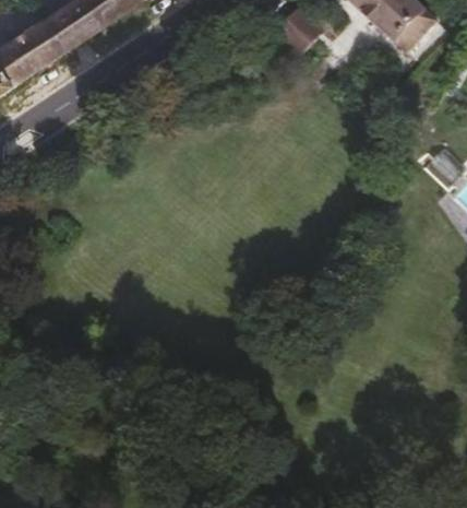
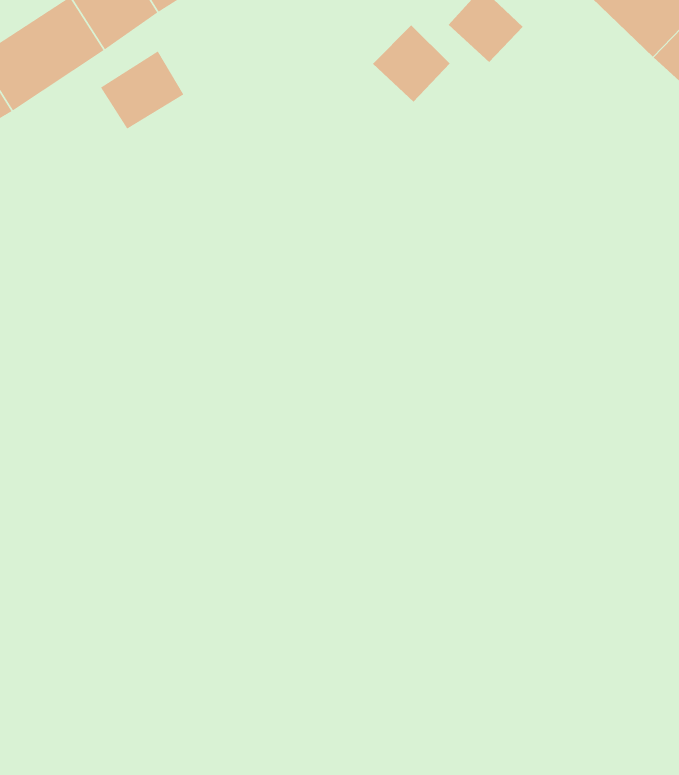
building: none -> [372,25,451,103]
building: none -> [100,51,184,130]

